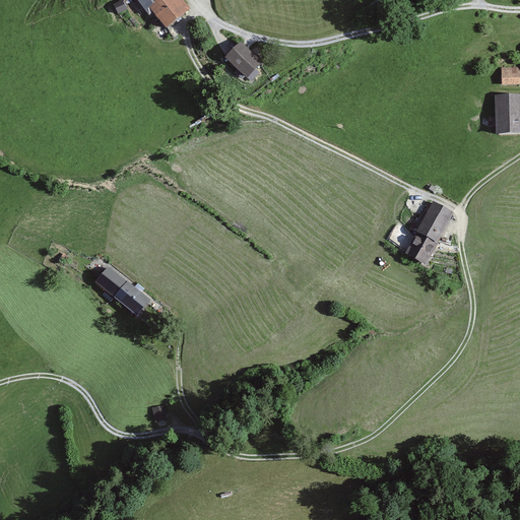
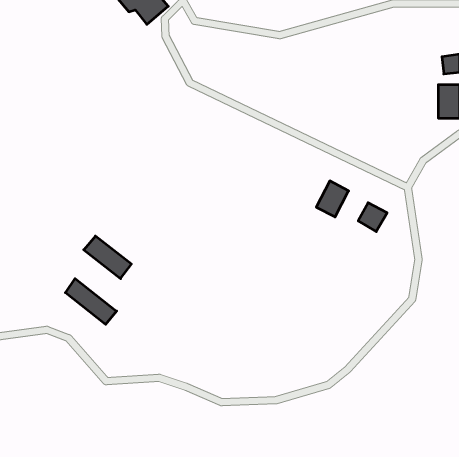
building: [226,44,263,80] -> none
building: [416,199,453,240] -> [316,181,349,217]
building: none -> [65,279,117,324]

